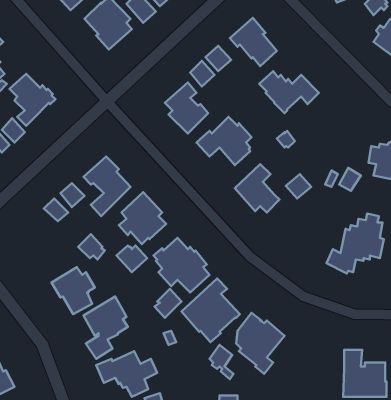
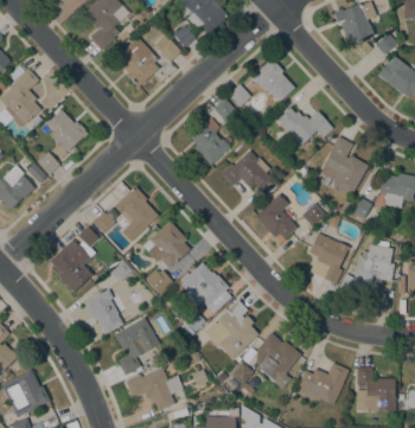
building: none -> [320,135,368,194]
building: none -> [308,232,350,283]
building: none -> [50,238,94,292]
building: none -> [298,362,349,404]

